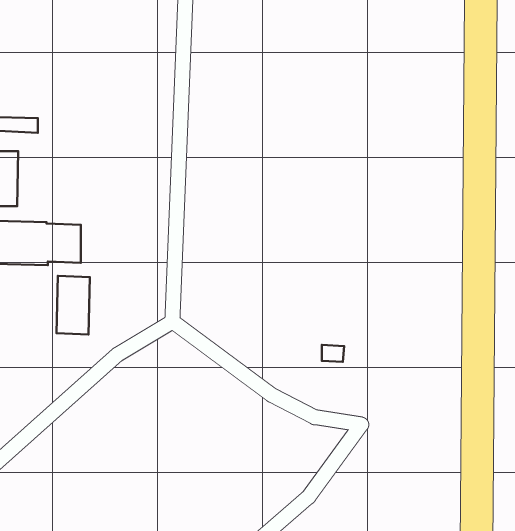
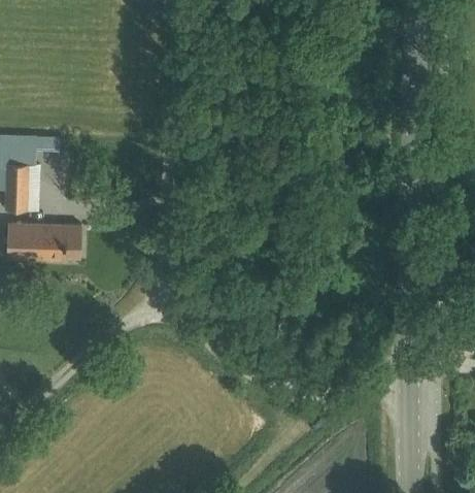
building: [57,276,90,335] -> none

